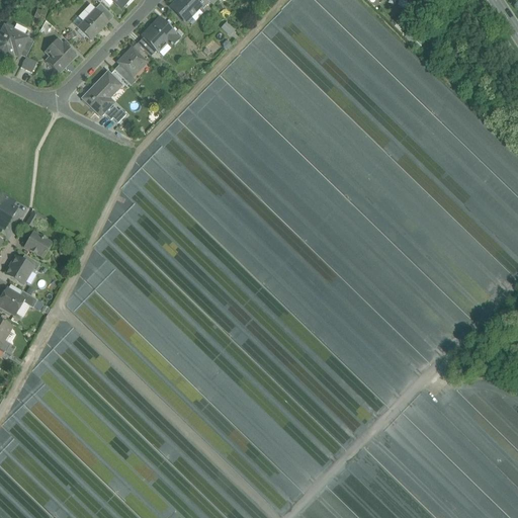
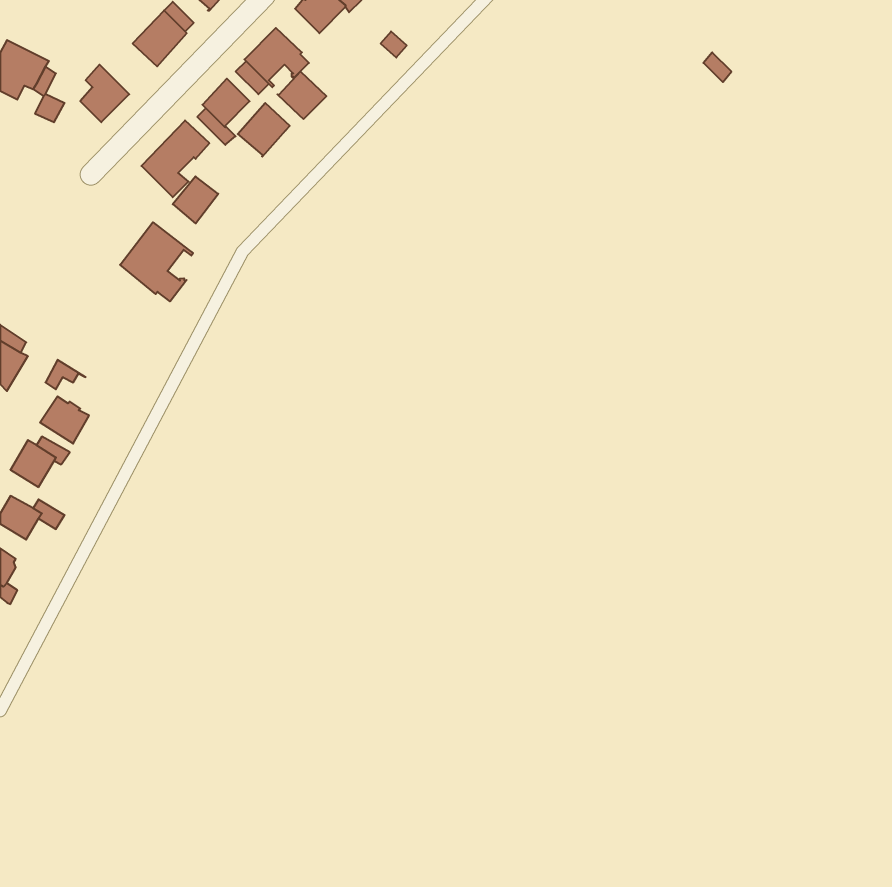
building: none -> [277,71,326,119]
building: none -> [238,103,290,157]
building: none -> [120,222,193,301]

